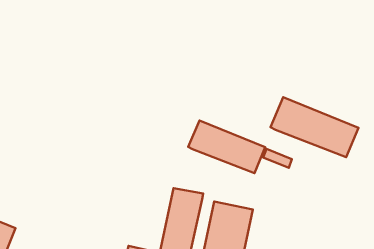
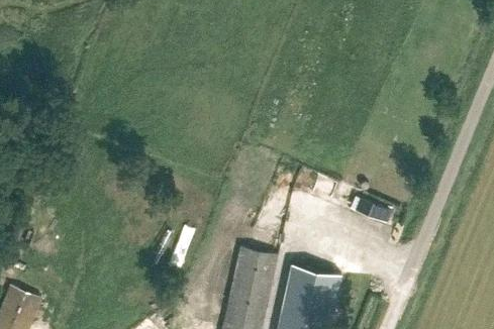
building: [270,97,359,157] -> none
building: [188,120,265,173] -> none

